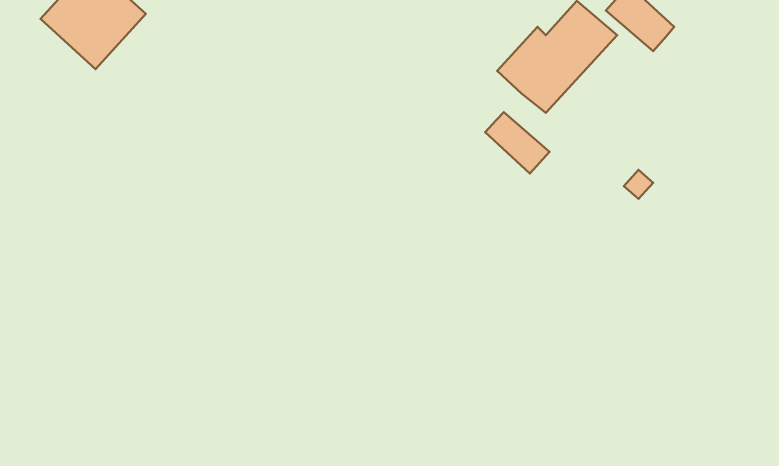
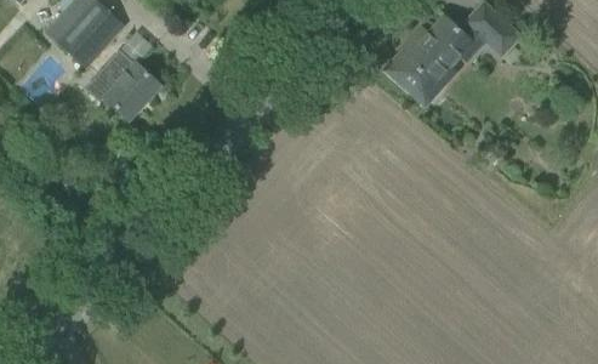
building: none -> [84,49,159,119]
building: [485,112,550,174] -> none

